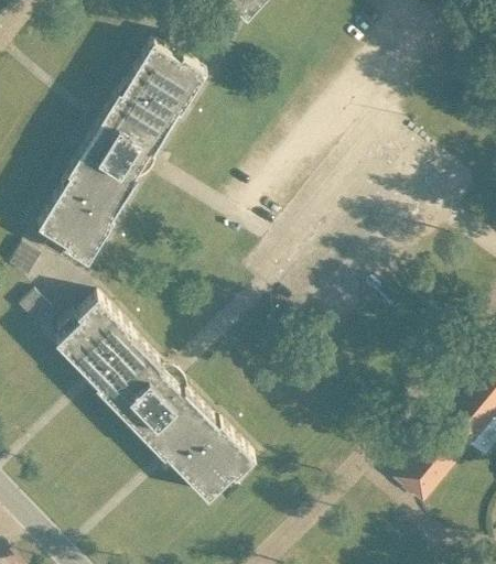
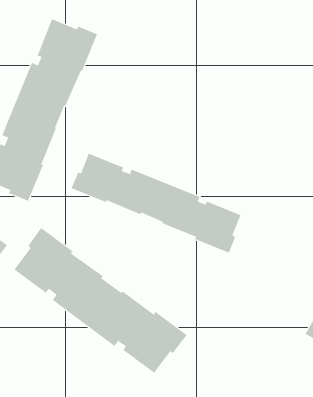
building: none -> [71,153,241,254]

